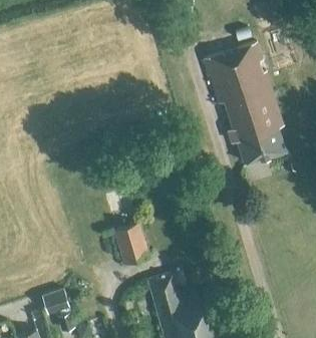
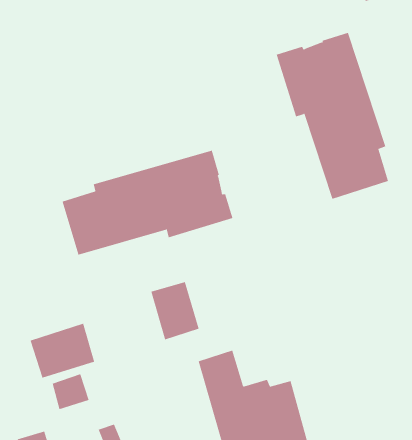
building: none -> [62,150,233,255]
building: none -> [30,323,95,378]

